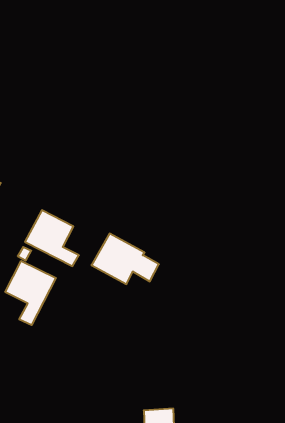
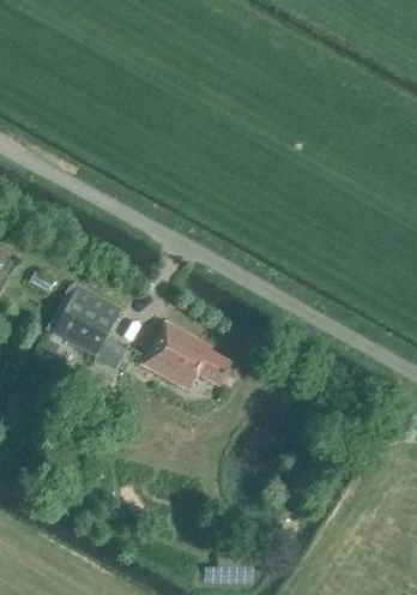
building: [5,261,56,325] -> none

